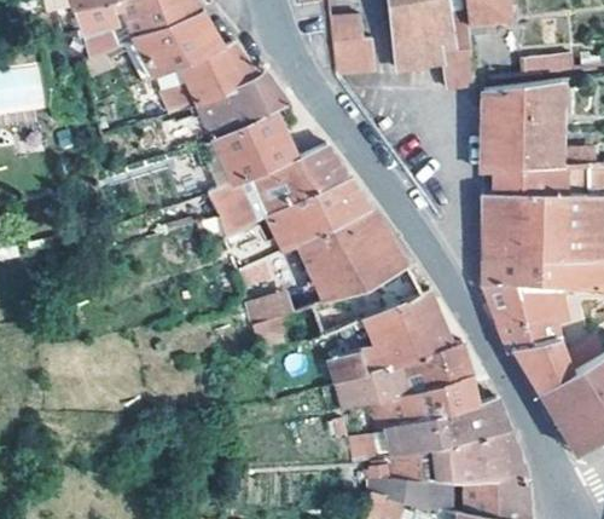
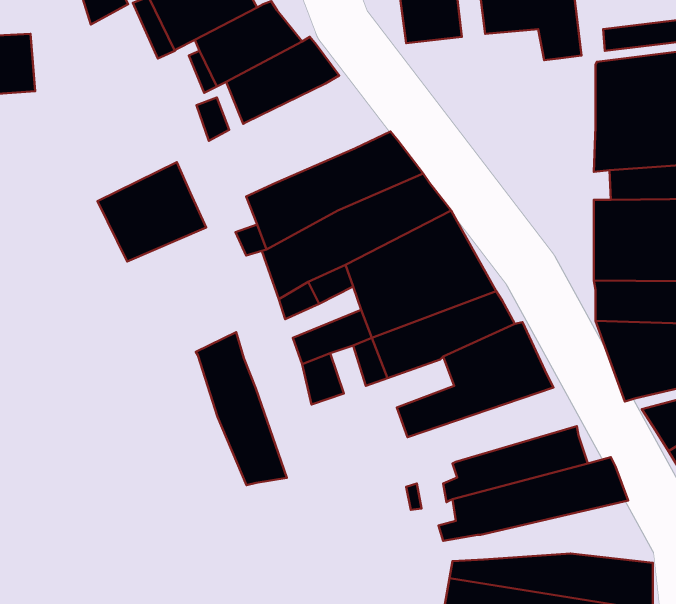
building: [213,104,297,181] -> [98,162,206,262]
building: none -> [196,332,287,485]
building: [338,339,470,406] -> none
building: [393,429,529,478] -> none

